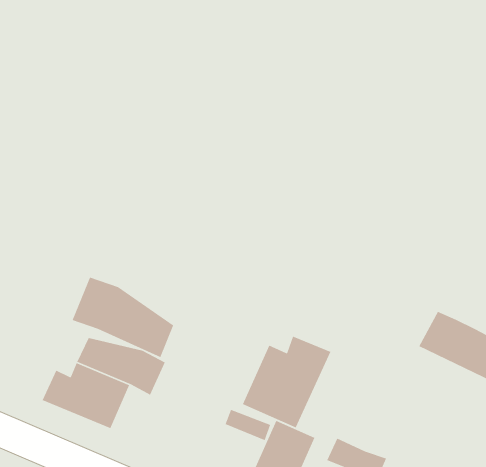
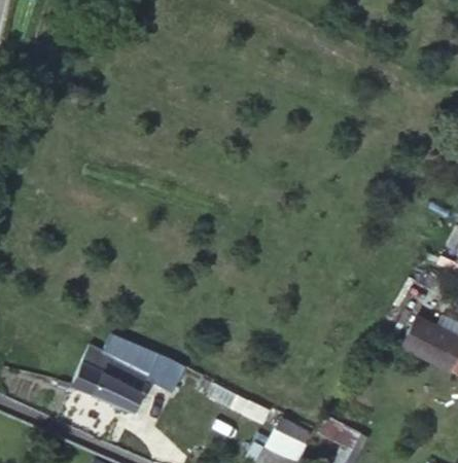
building: [72,277,174,358] -> none
building: [242,335,332,429] -> none

